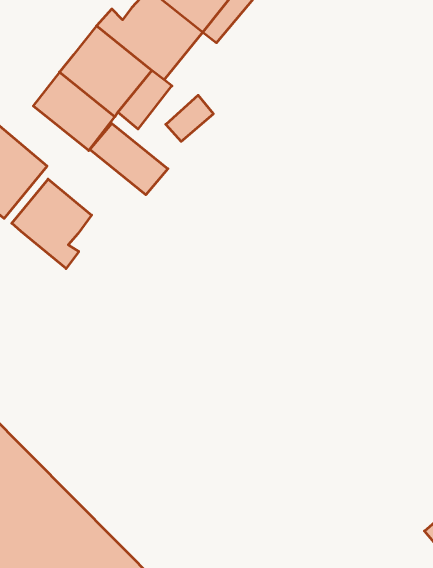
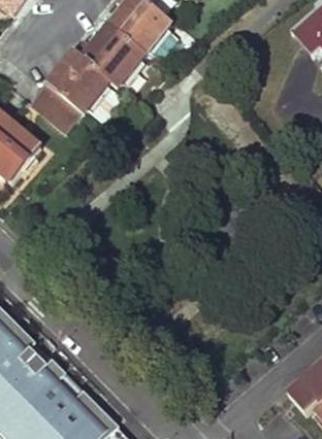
building: [90,124,168,195] -> none
building: [12,179,92,269] -> none

